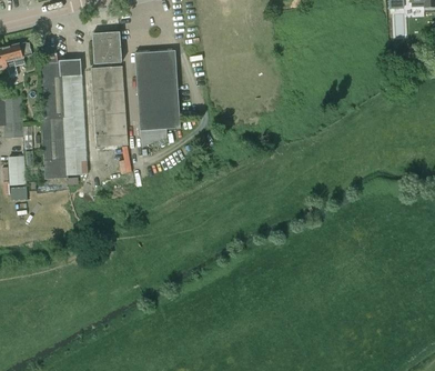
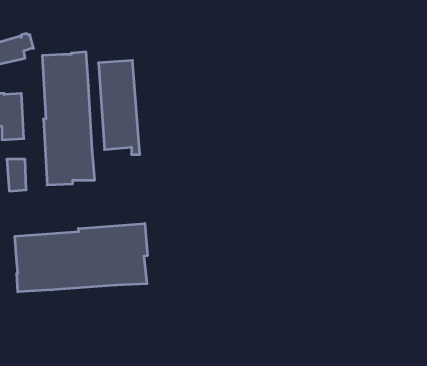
building: [92,31,122,63] -> none
building: [134,50,181,147] -> none
building: none -> [15,223,147,292]

